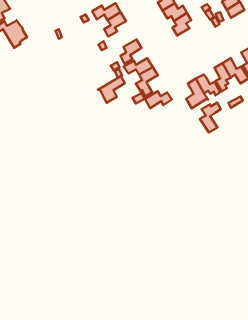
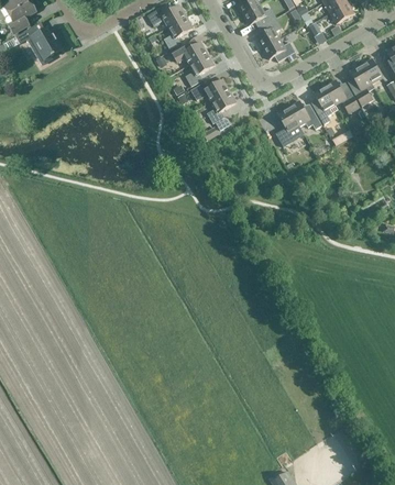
building: none -> [263,38,296,62]
building: none -> [172,42,208,64]
building: [98,76,125,103] -> none
building: [145,91,172,108] -> none
building: [200,102,221,133] -> none

